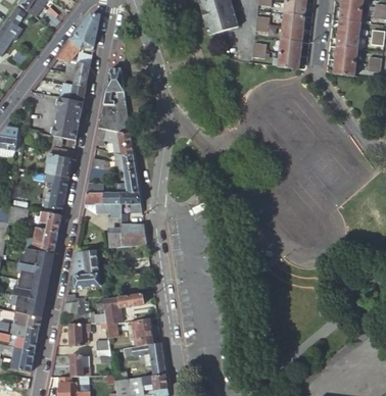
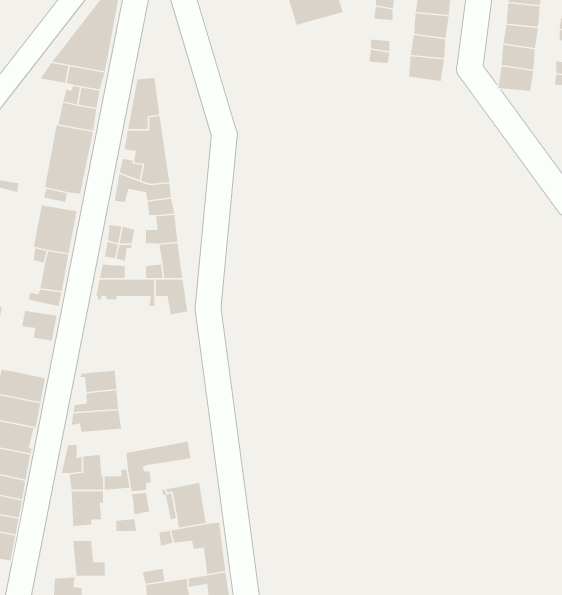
building: [108,221,147,247] -> none
building: [34,227,58,253] -> none

